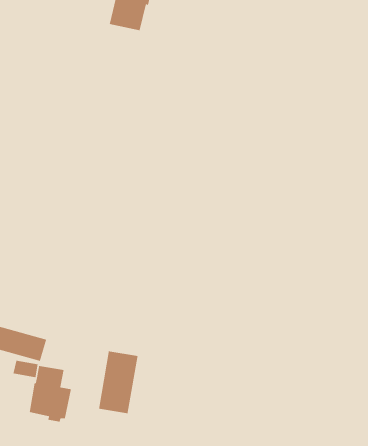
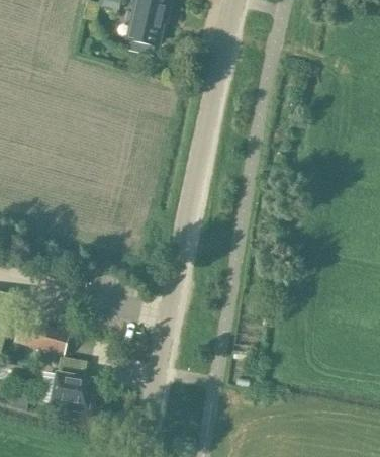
building: [98,350,138,414] -> none

